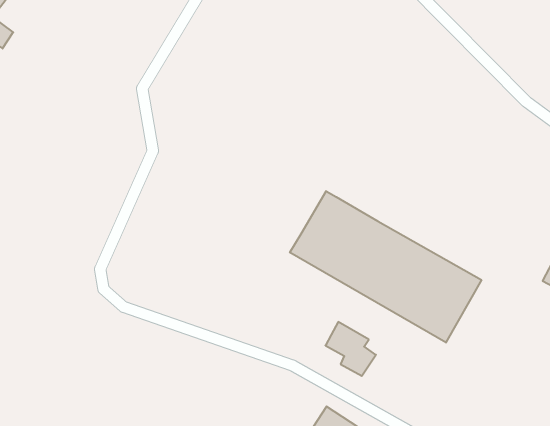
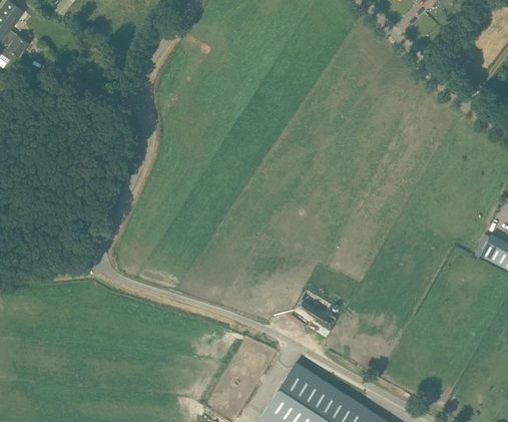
building: [290,191,481,343] -> none

